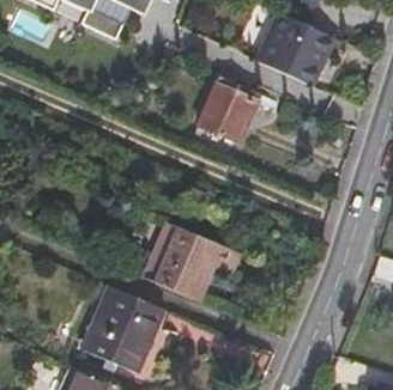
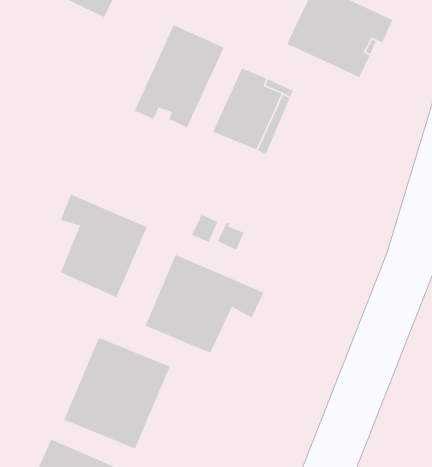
building: none -> [134,24,225,128]
building: none -> [60,193,148,298]

